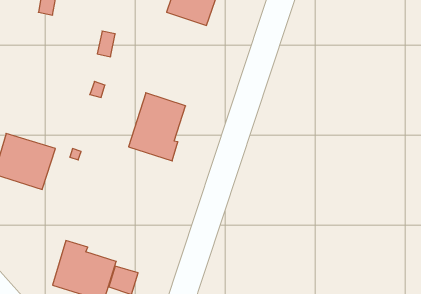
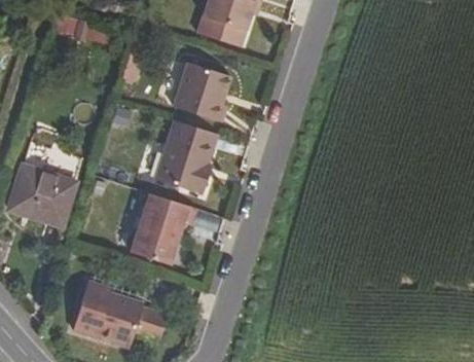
building: none -> [173,62,230,121]
building: none -> [129,192,195,263]

